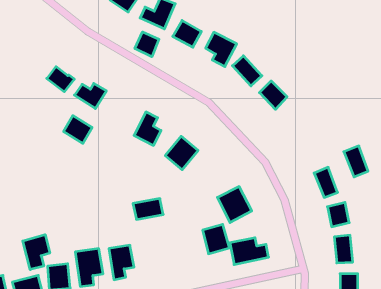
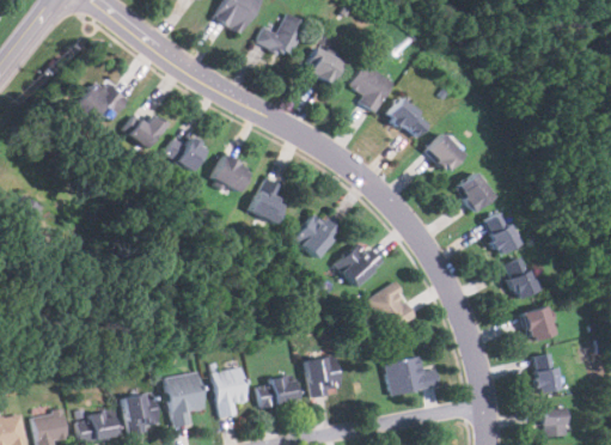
building: [135,32,159,57] -> none
building: none -> [74,77,121,127]
building: none -> [454,171,495,214]
building: [64,116,92,143] -> [210,154,251,194]
building: [344,146,368,177] -> [483,212,518,256]
building: none -> [334,240,383,288]
building: [133,199,163,219] -> [256,377,299,407]
building: [203,224,229,254] -> [305,354,343,396]
building: [23,235,50,270] -> none

